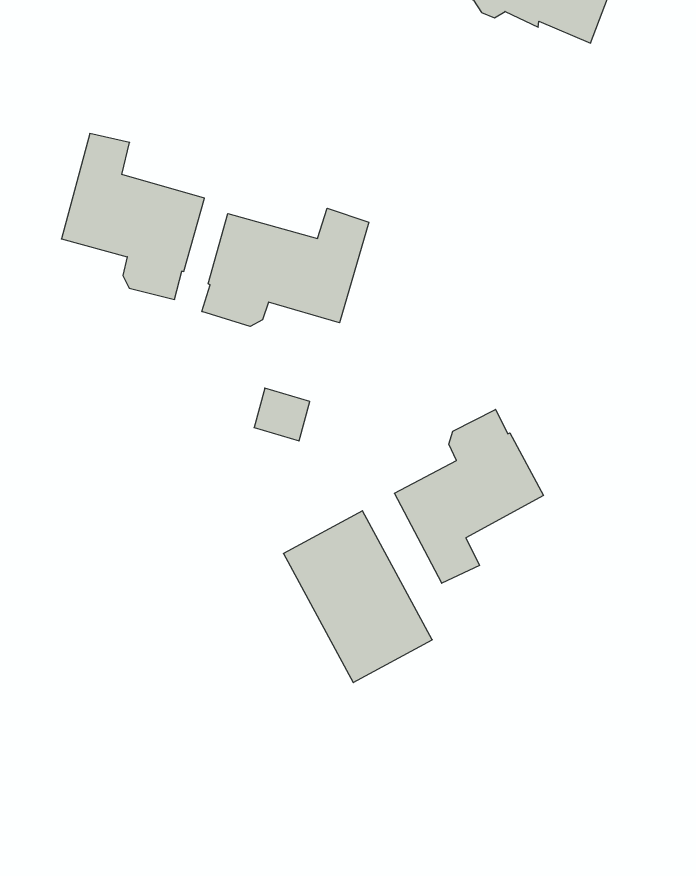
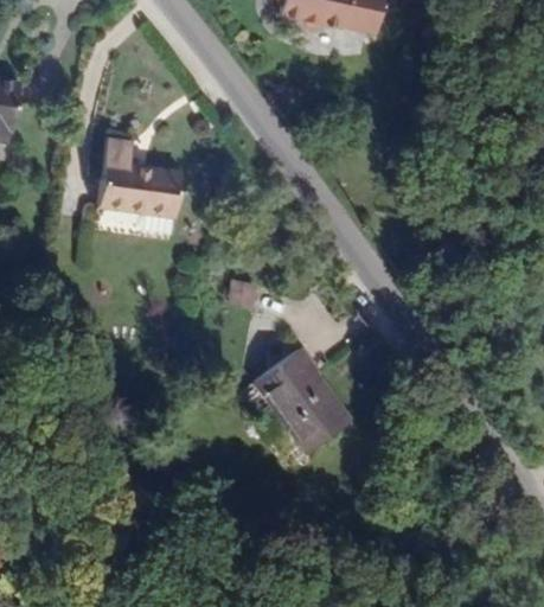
building: [202,208,369,326] -> none
building: [394,409,543,583] -> none

